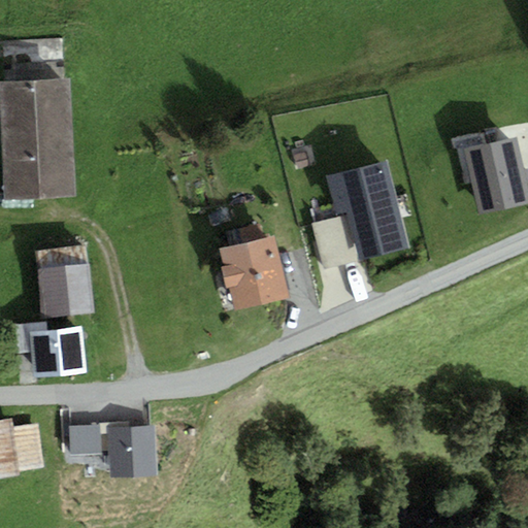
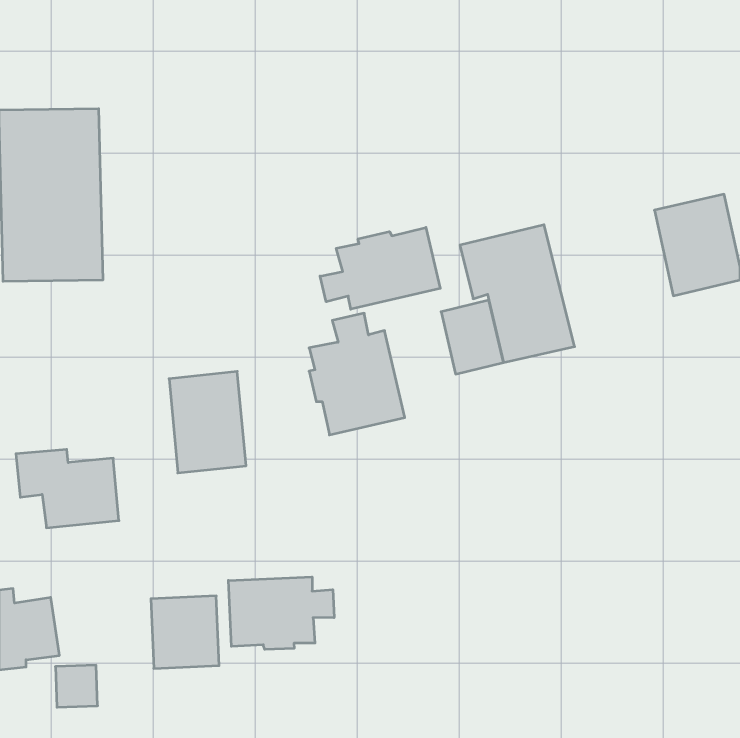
building: none -> [320,227,440,309]
building: [35,244,90,317] -> [169,371,246,473]
building: none -> [228,577,334,649]
building: [69,423,99,453] -> [55,665,98,707]

